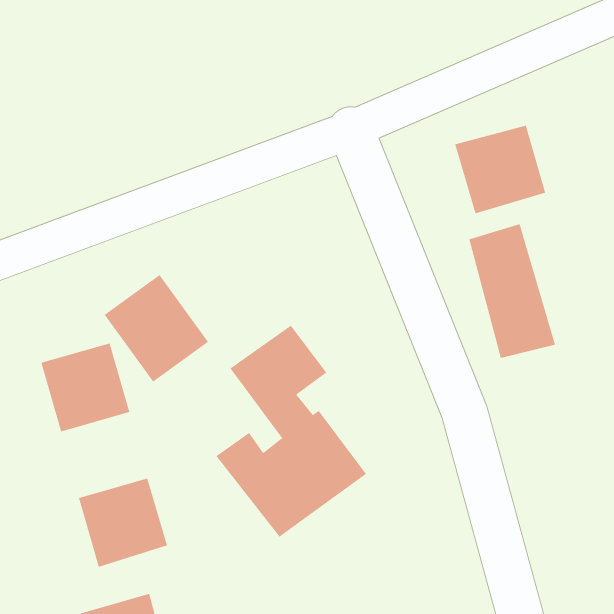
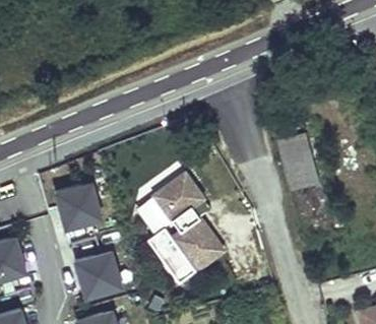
building: [455,125,546,214] -> none
building: [104,274,209,382] -> none

